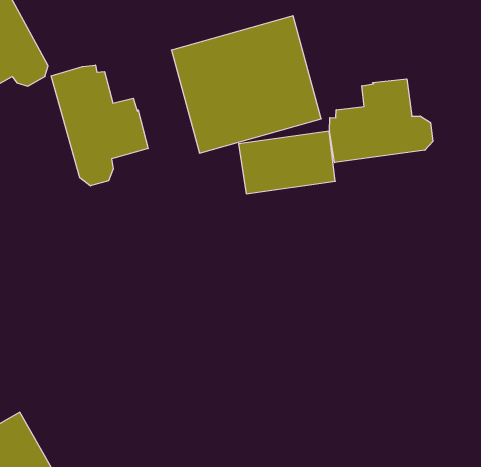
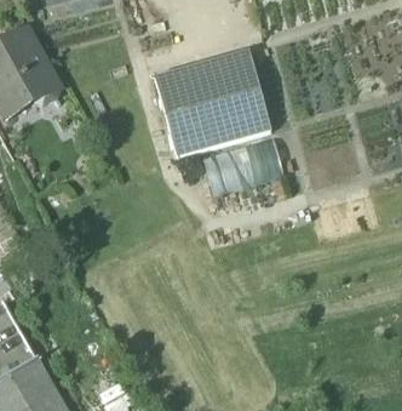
building: [51,65,148,186] -> none
building: [330,79,433,163] -> none

